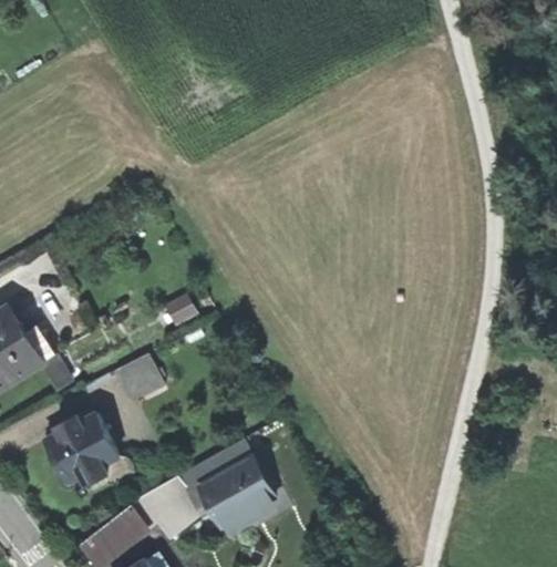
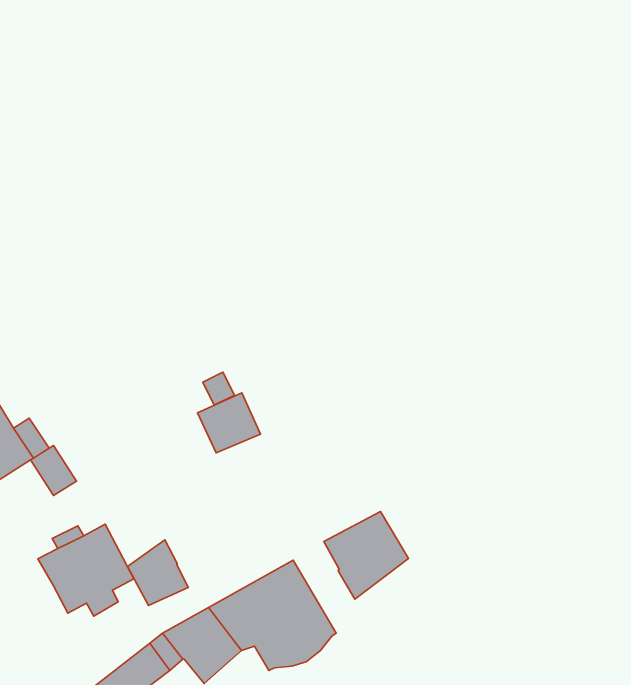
building: [115,353,164,400] -> [197,393,261,453]
building: none -> [324,512,409,599]
building: none -> [127,540,188,606]

